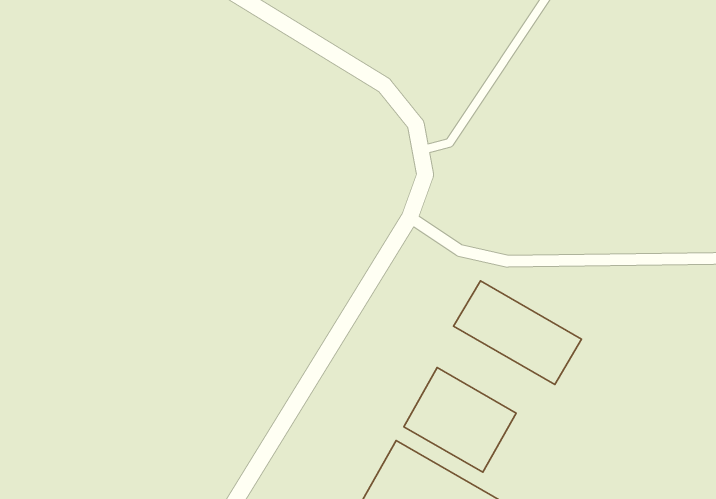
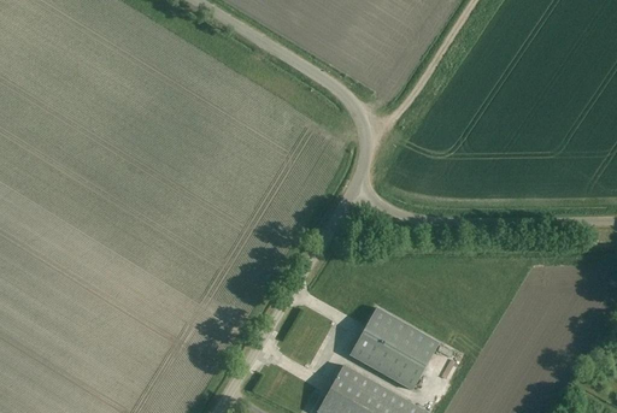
building: [454,281,582,385] -> none

